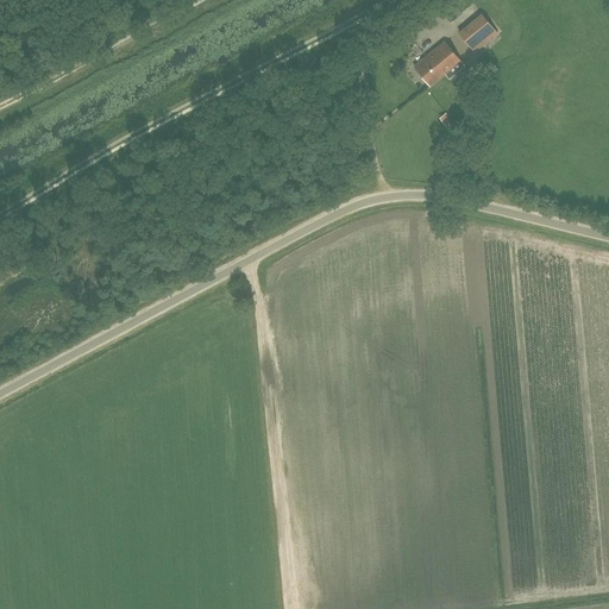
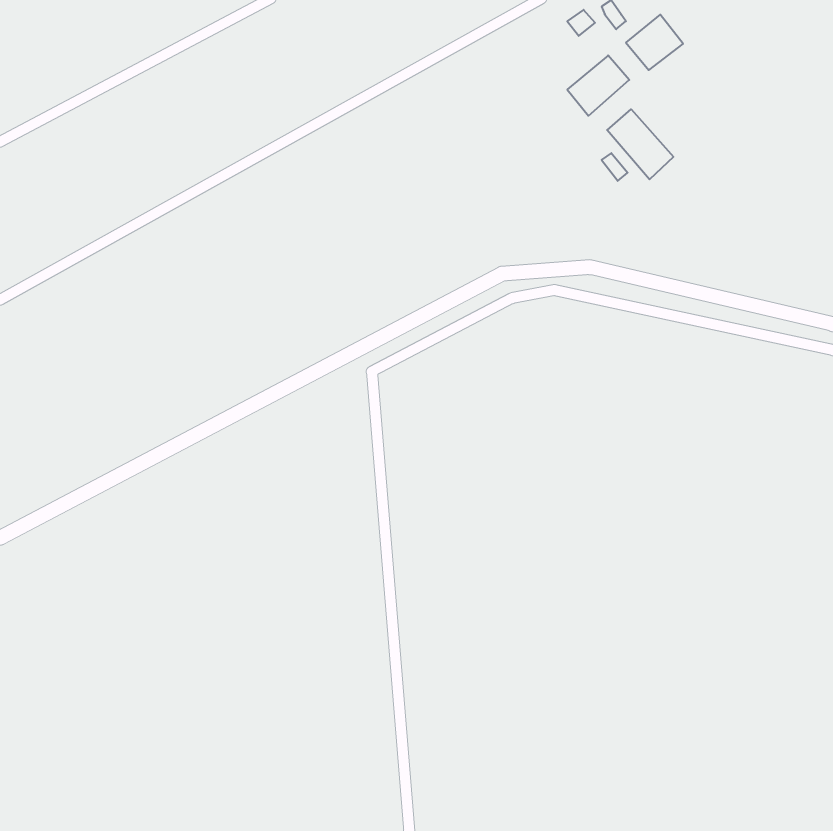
building: none -> [607,109,673,179]

